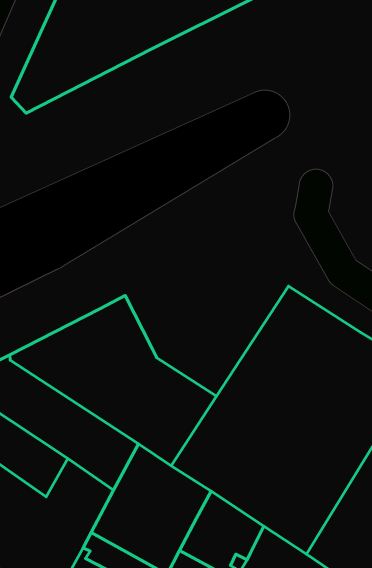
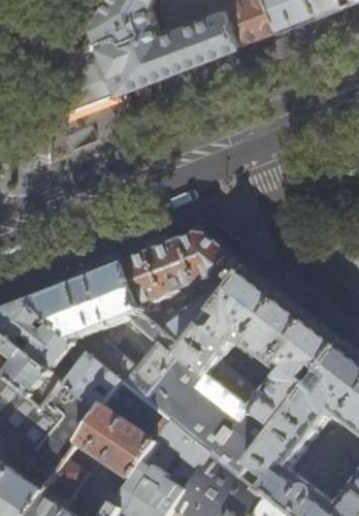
building: none -> [121,235,248,349]
building: none -> [159,422,210,473]

